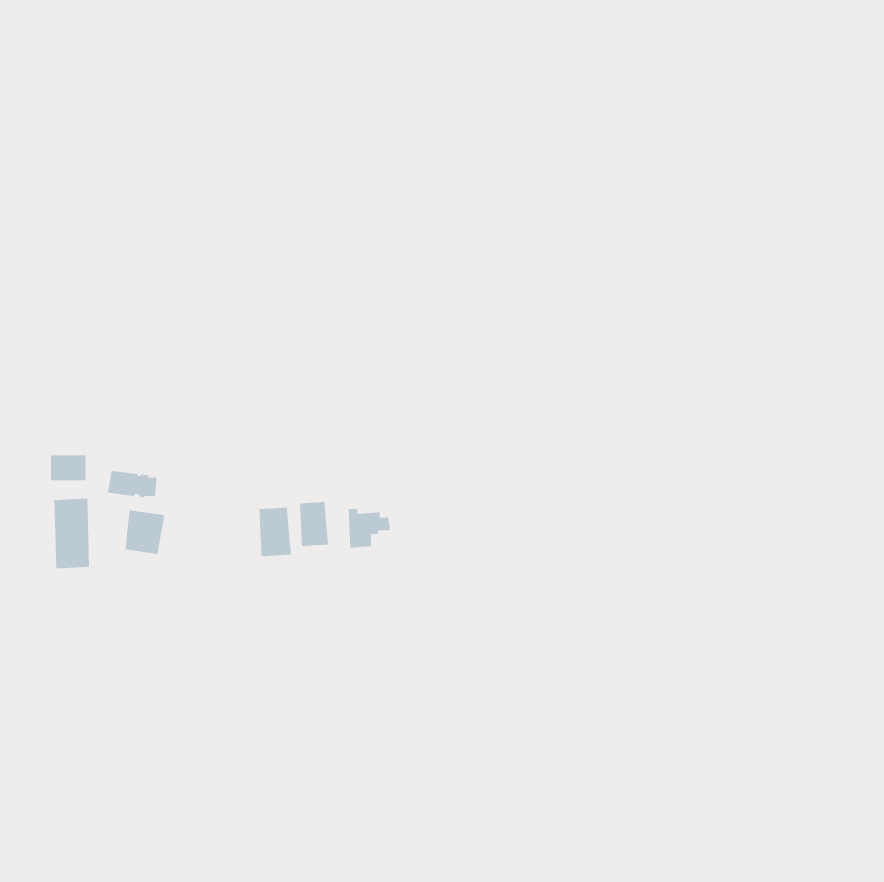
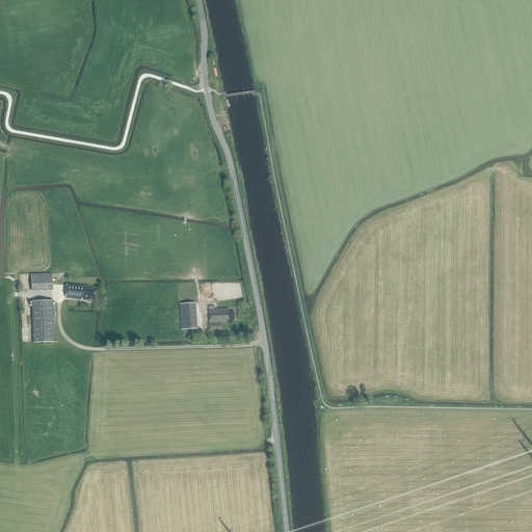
building: [259,507,291,557] -> none
building: [125,509,165,555] -> none

